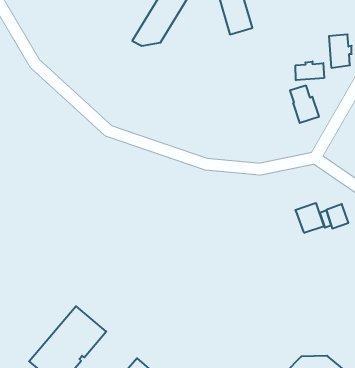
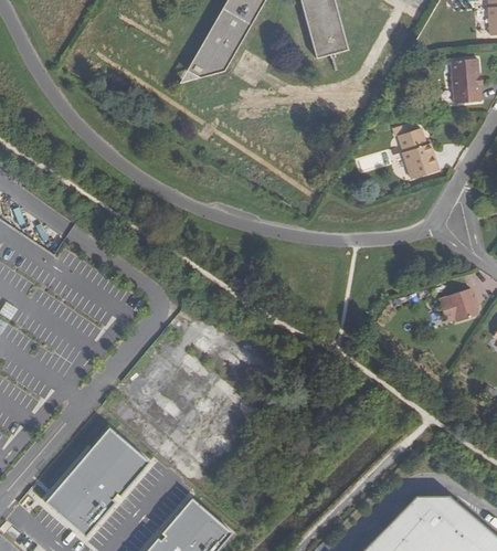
building: [296,61,324,80] -> none
building: [295,203,324,233] -> none

